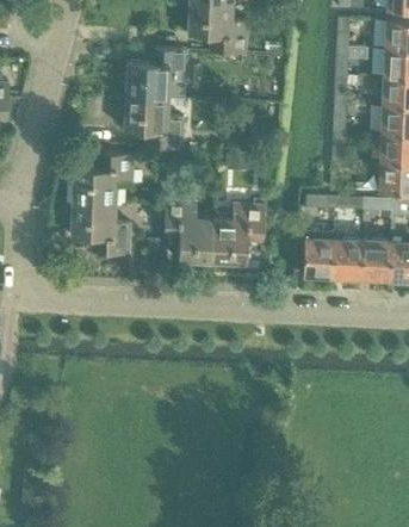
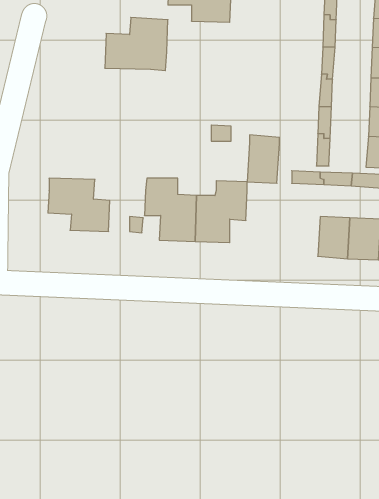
building: [123,94,184,147] -> none
building: [72,151,134,202] -> none
building: [302,229,333,275] -> [247,135,279,183]

